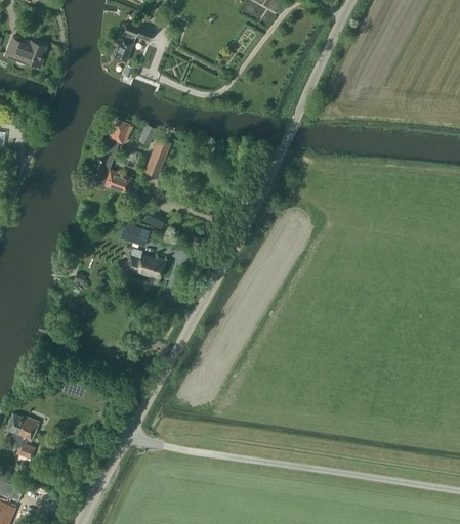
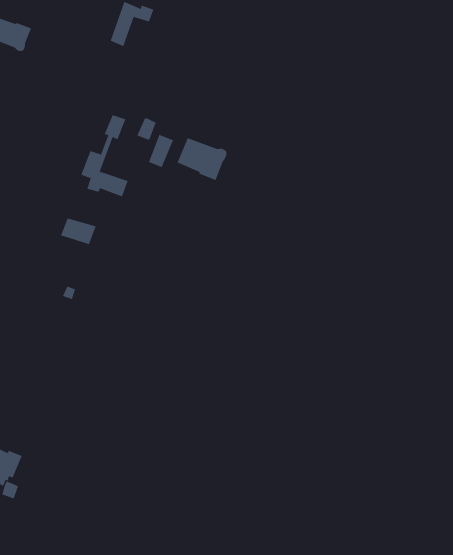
building: none -> [177,134,227,181]
building: [118,224,150,248] -> [60,218,96,245]
building: [126,254,165,277] -> none

